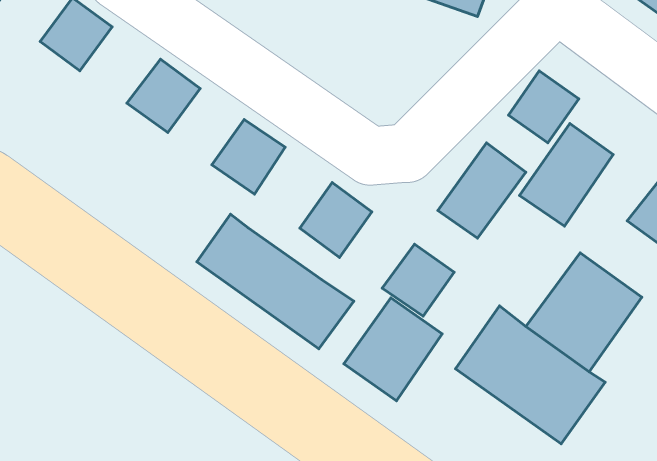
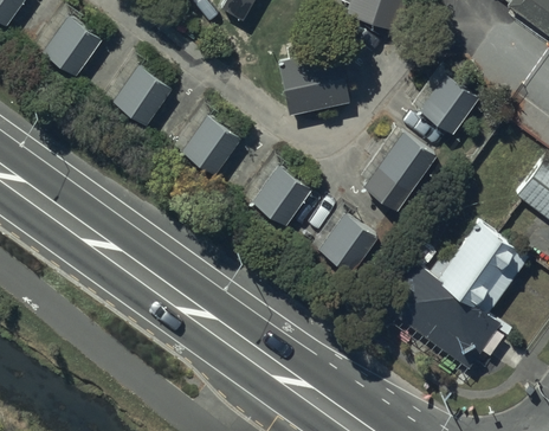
building: none -> [278,49,350,115]
building: [520,124,613,226] -> none
building: [197,214,354,349] -> none
building: [344,298,442,401] -> none

